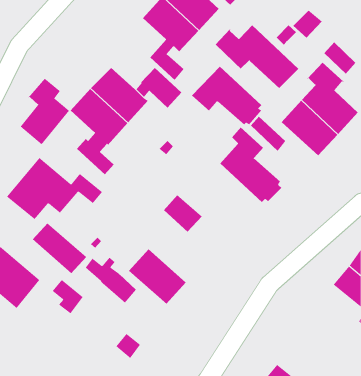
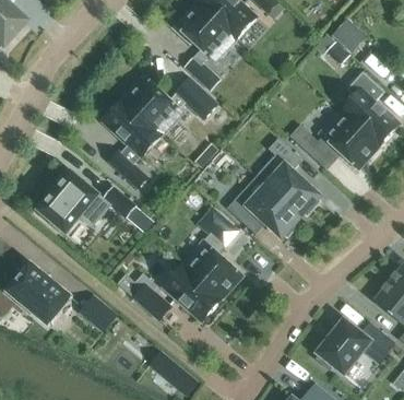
building: [215,25,299,89] -> none
building: [191,66,262,125] -> [227,176,300,237]
building: [20,78,70,145] -> none
building: [32,222,87,274] -> none
building: none -> [183,240,242,298]
building: none -> [317,318,395,375]

